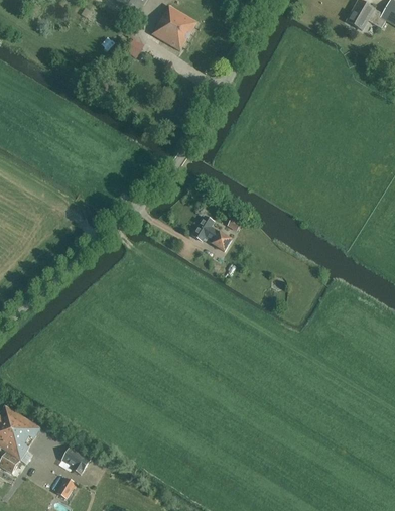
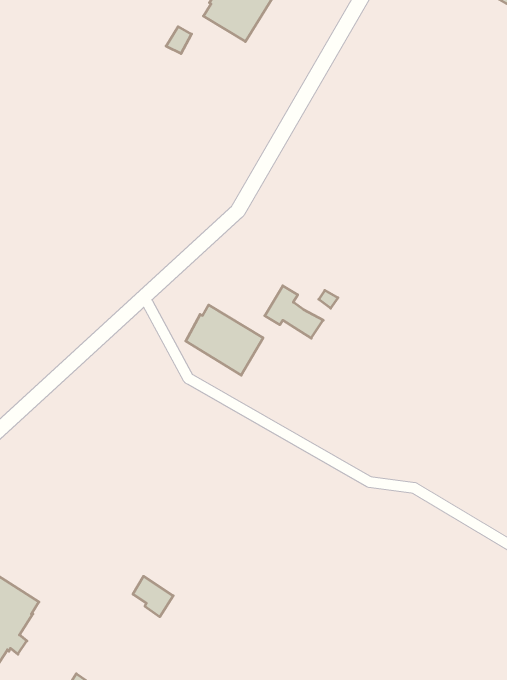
building: none -> [186,305,263,375]
building: [62,448,90,475] -> [133,576,173,617]

